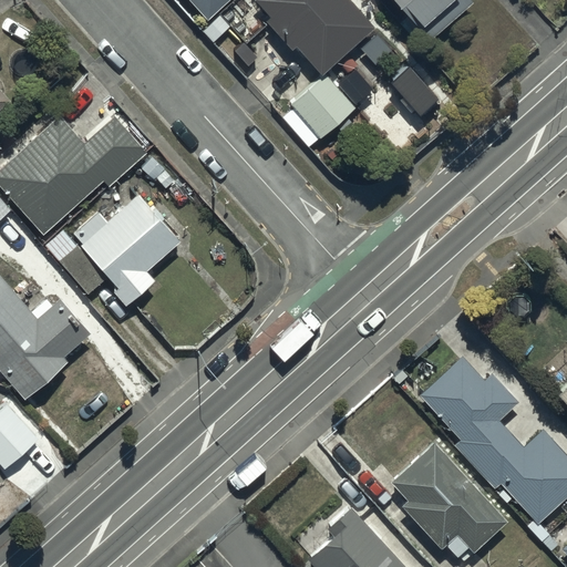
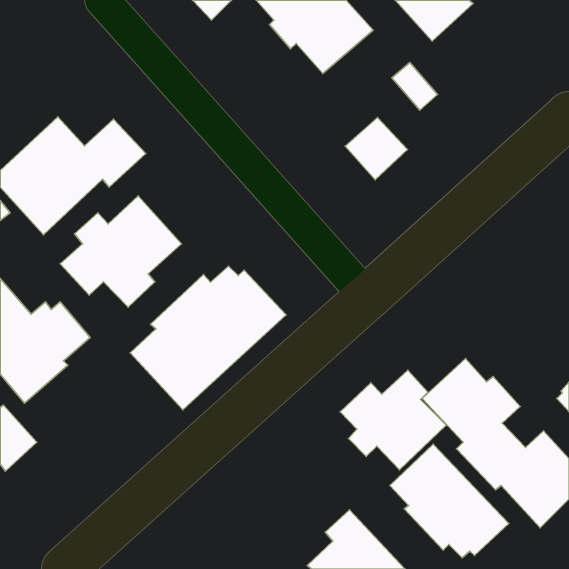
building: [291,76,353,138] -> [345,117,407,180]
building: none -> [130,266,286,410]
building: none -> [340,370,446,470]

